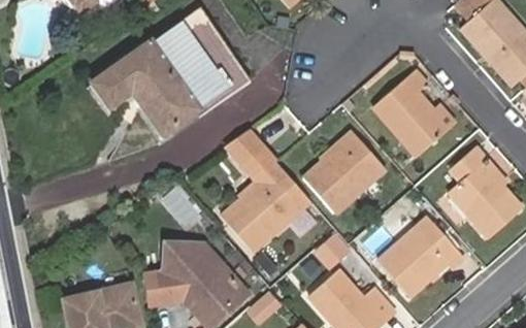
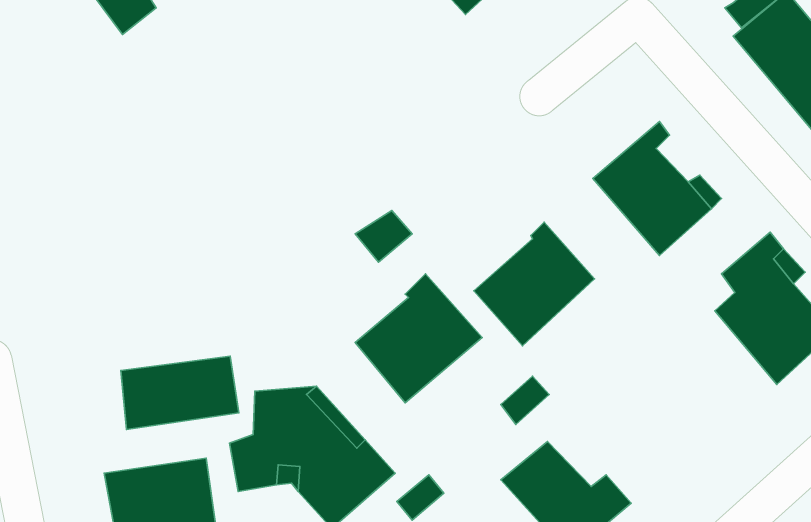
building: [96,6,237,134] -> none
building: [239,144,310,208] -> none
building: none -> [121,356,239,430]
building: [380,221,457,294] -> none

